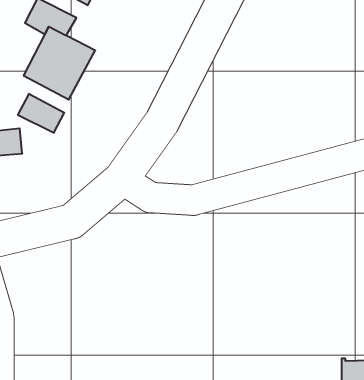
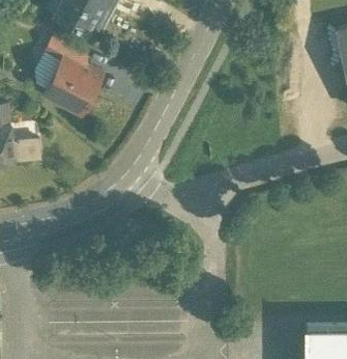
building: [18,94,64,133] -> none

